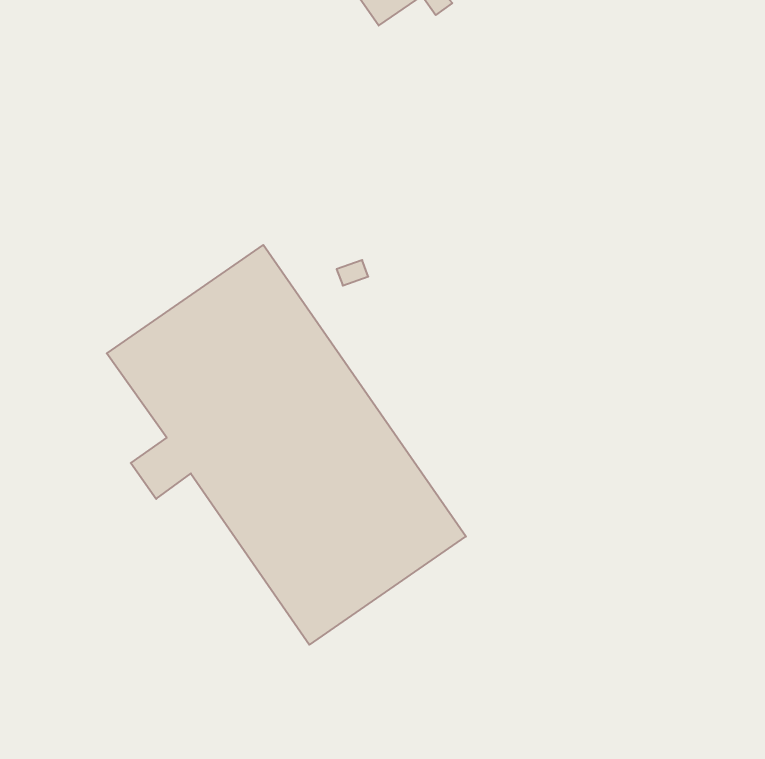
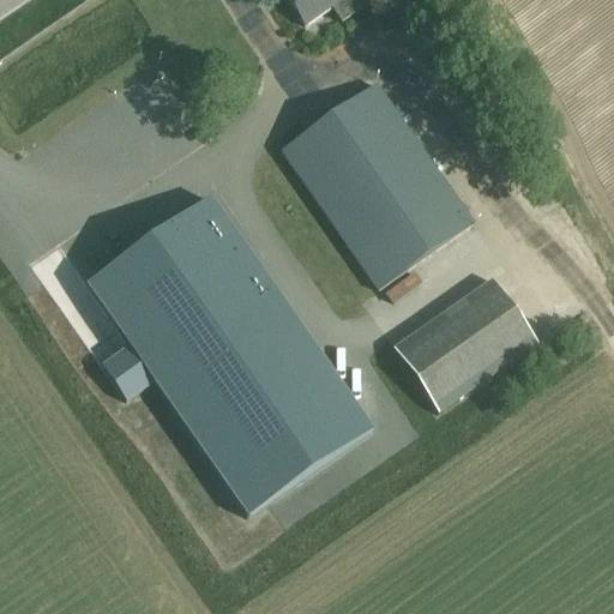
building: none -> [282,80,474,287]
building: none -> [393,276,537,410]

